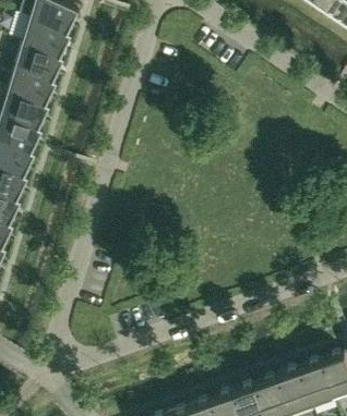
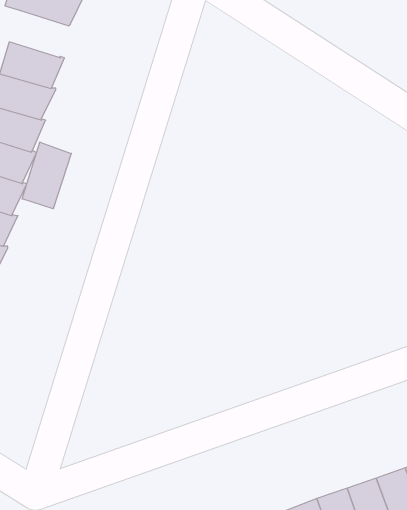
building: [22,16,71,52] -> none
building: none -> [22,142,71,209]

